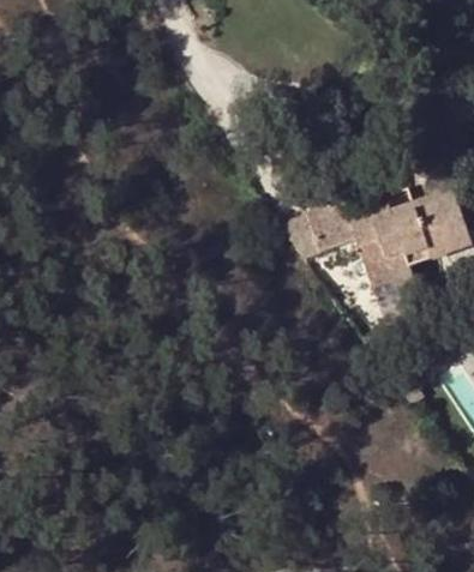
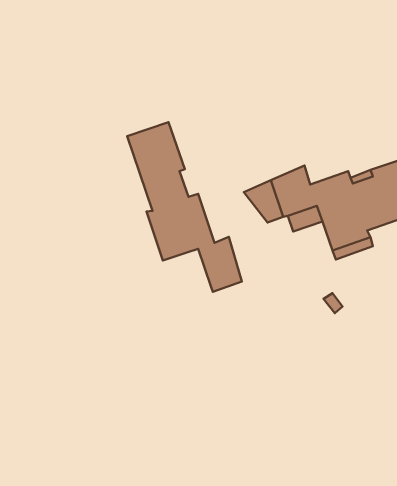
building: none -> [127,122,242,292]

